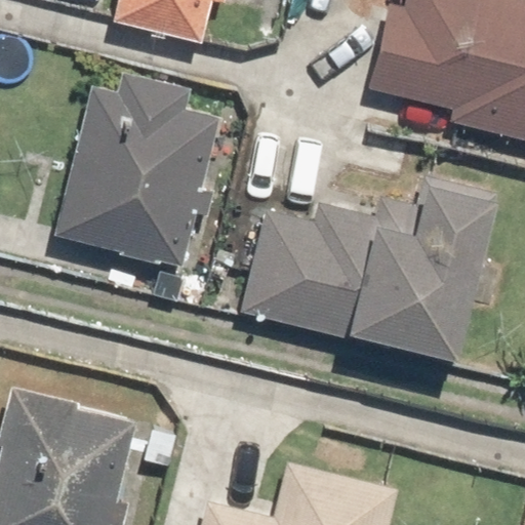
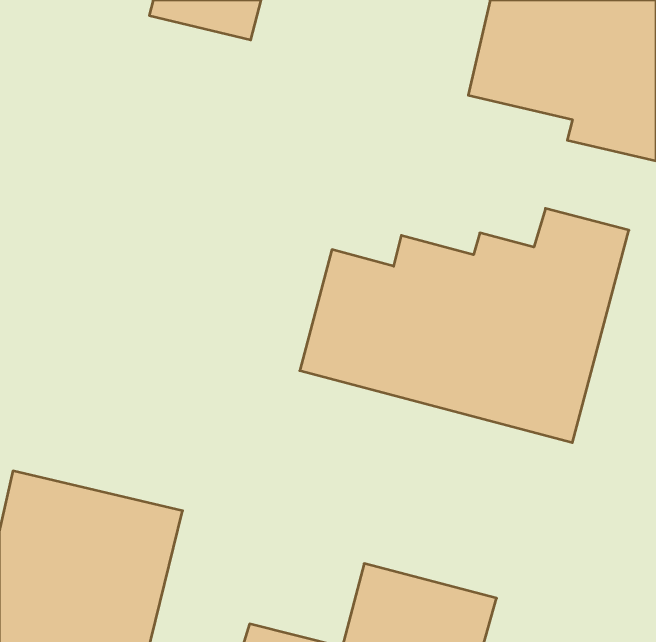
building: [54,69,217,268] -> none

